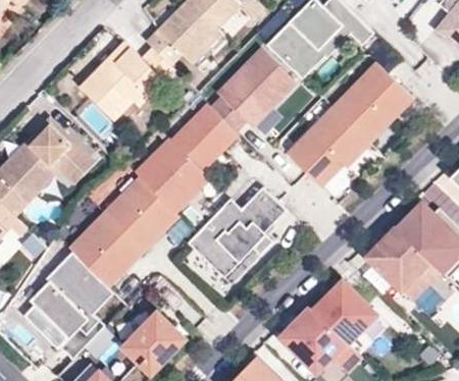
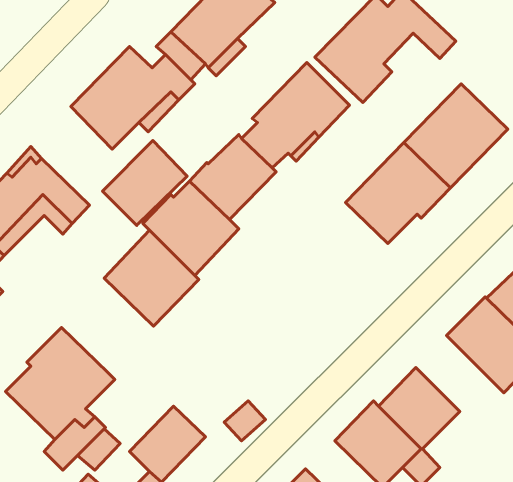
building: none -> [102,141,187,225]
building: [189,188,288,273] -> none
building: [68,214,142,286] -> none

